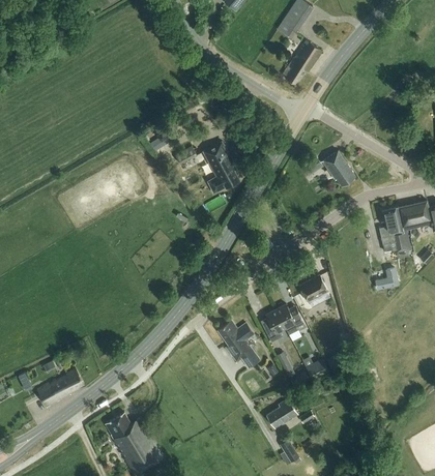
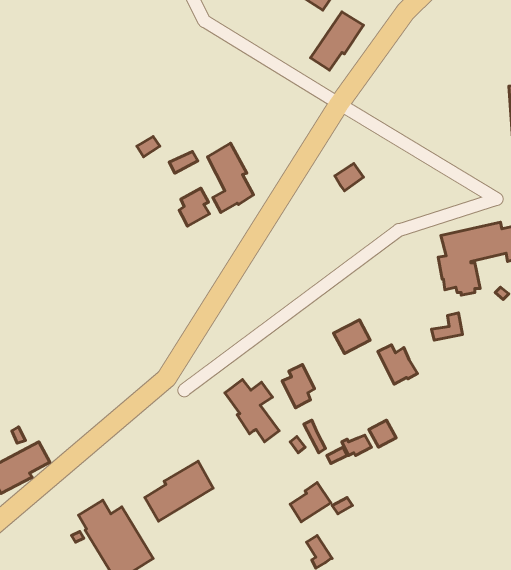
building: [321,151,353,185] -> none
building: none -> [179,188,210,226]
building: [276,304,306,334] -> [378,345,417,384]
building: none -> [145,461,213,521]

